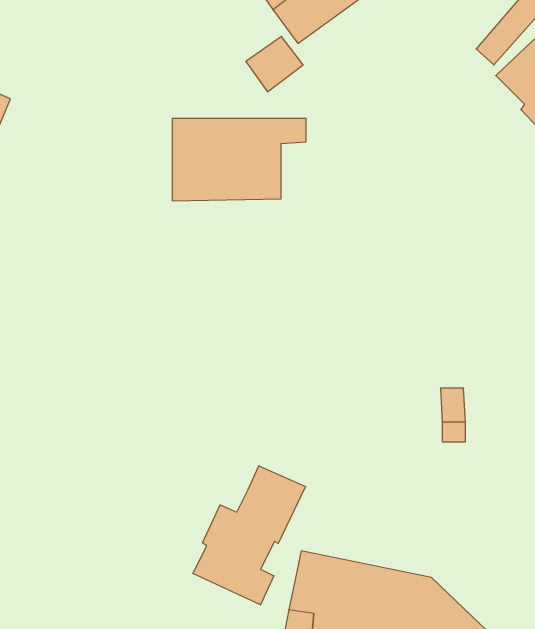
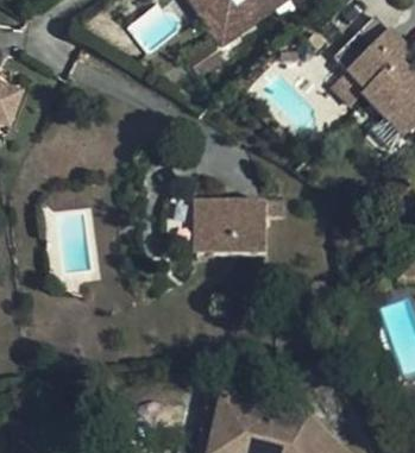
building: [172,118,306,201] -> [195,200,284,254]
building: [193,466,305,605] -> none

